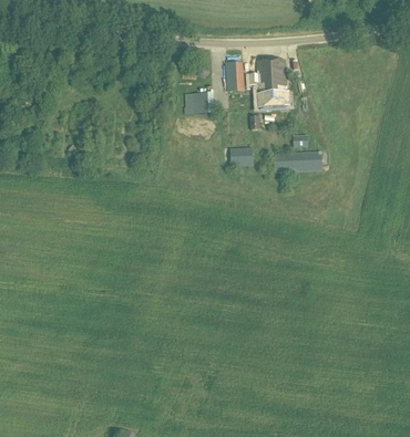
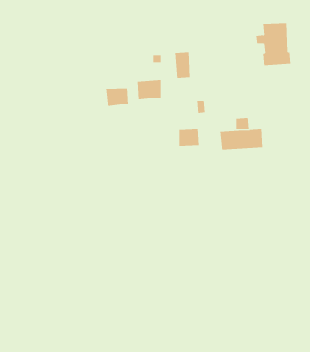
building: [248,60,288,107] -> [255,23,291,66]
building: none -> [106,88,129,106]

